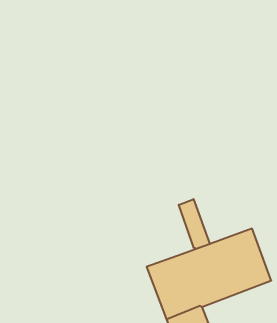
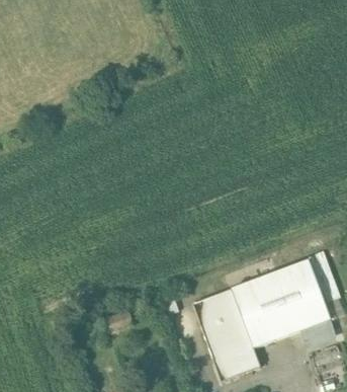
building: [179,199,210,249] -> none

